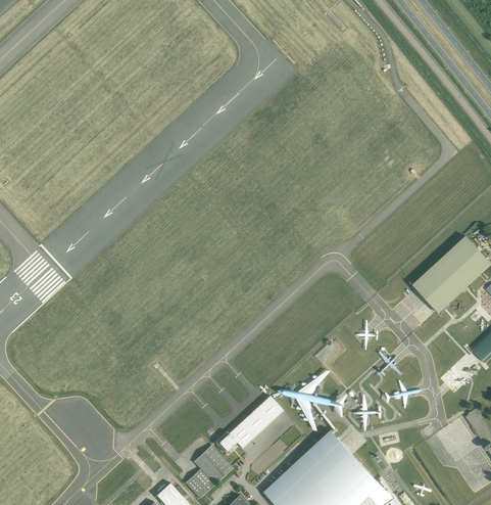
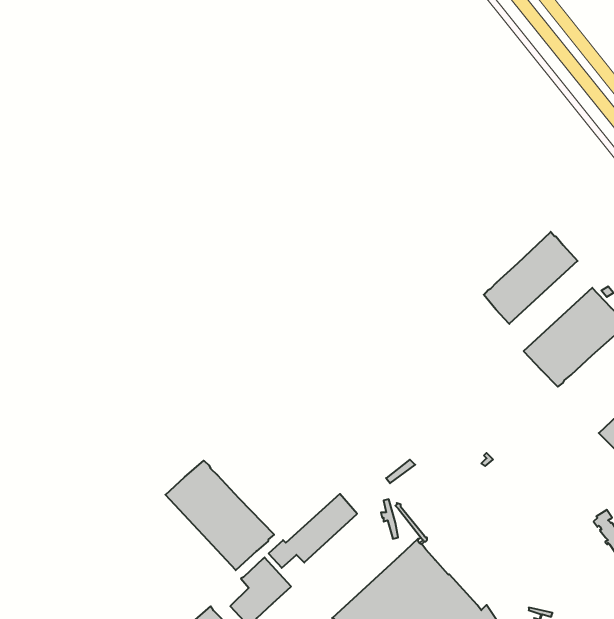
building: none -> [484,232,578,324]
building: none -> [165,461,274,570]

